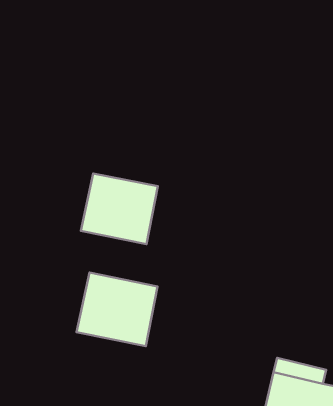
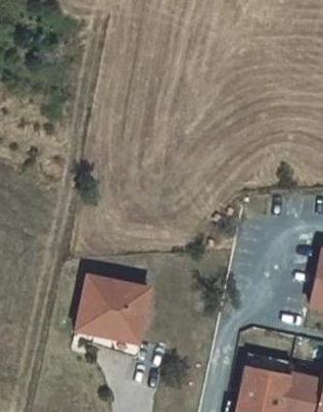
building: [81,173,158,244] -> none

